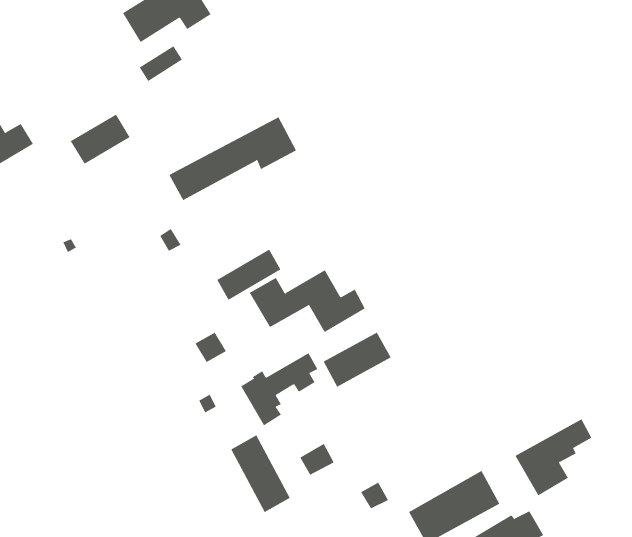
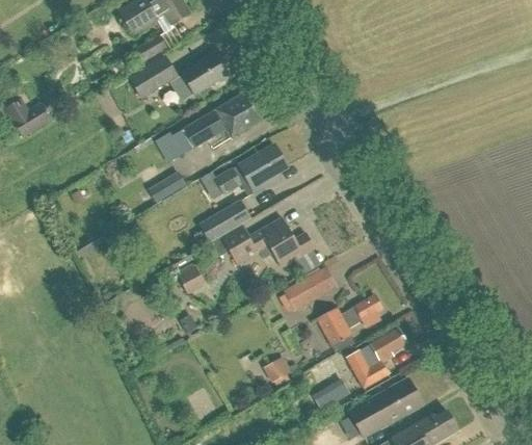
building: none -> [182,53,229,95]
building: [70,114,131,164] -> [128,54,177,95]
building: none -> [217,145,288,193]
building: [240,352,318,426] -> [319,290,381,349]
building: [514,418,592,496] -> [345,326,407,389]
building: [230,435,290,513] -> none

